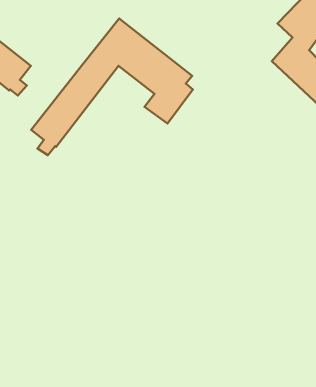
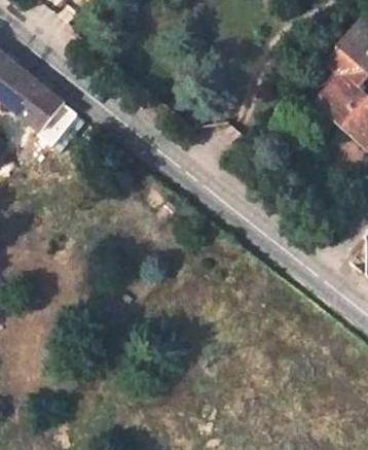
building: [31,18,193,155] -> none

